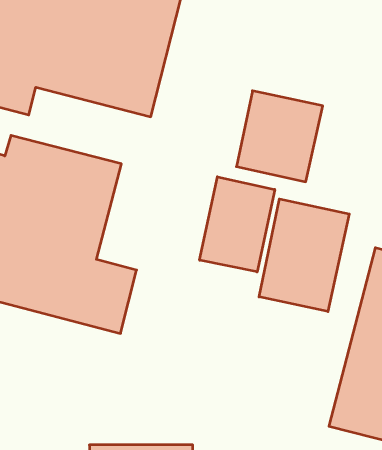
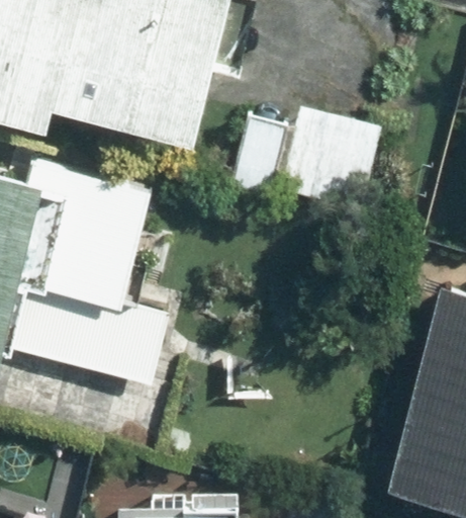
building: [200,177,275,272] -> none
building: [259,199,349,312] -> none

